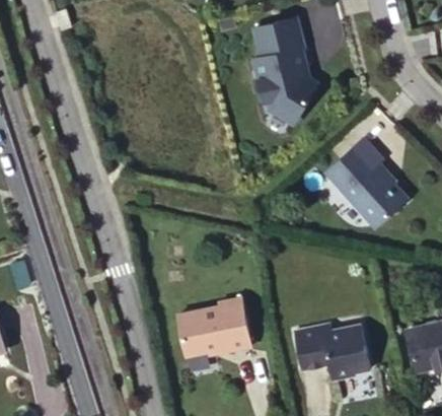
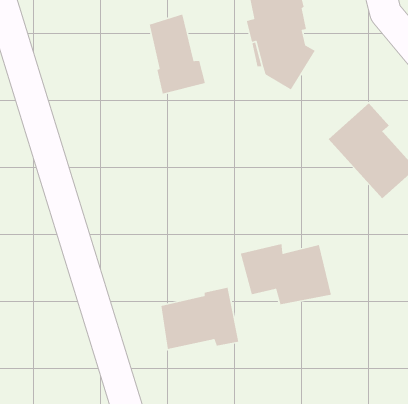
building: none -> [149,14,206,94]
building: [287,327,371,384] -> [240,243,332,305]

